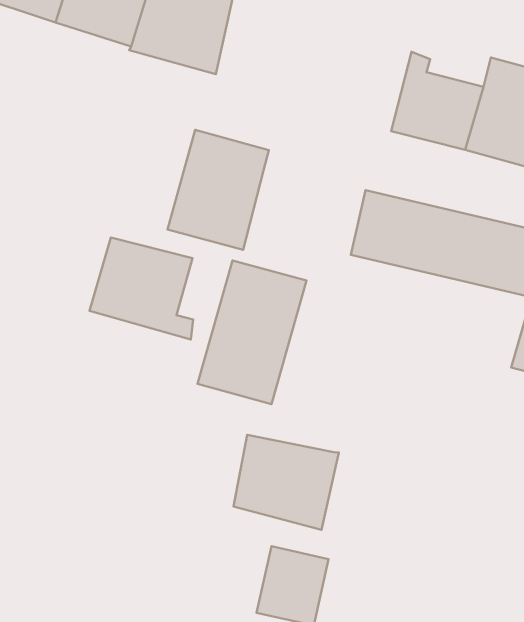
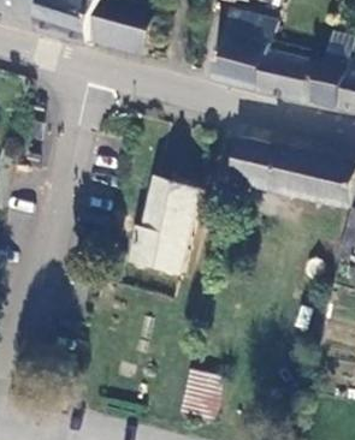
building: [167,130,269,250] -> [209,16,276,94]
building: [89,238,193,340] -> none
building: [234,435,339,530] -> none

